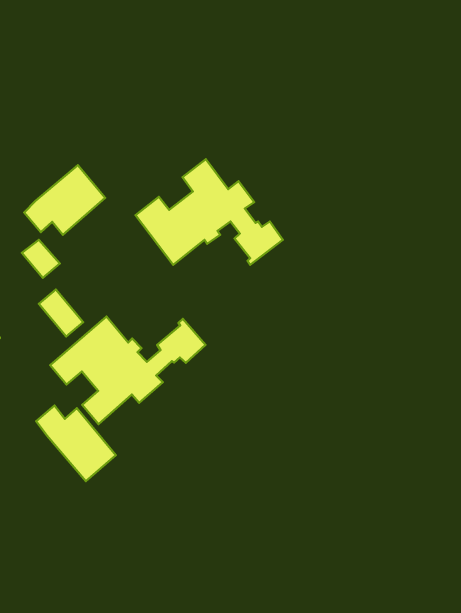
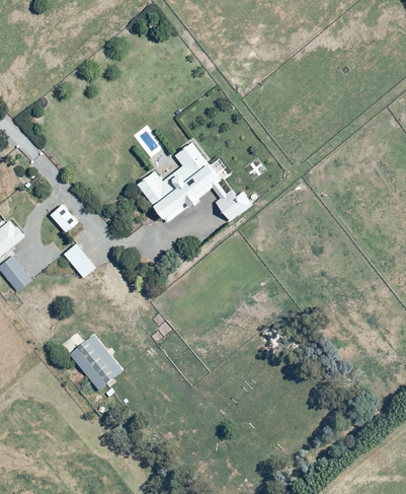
building: [24,165,105,235] -> none
building: [50,317,206,424] -> none

